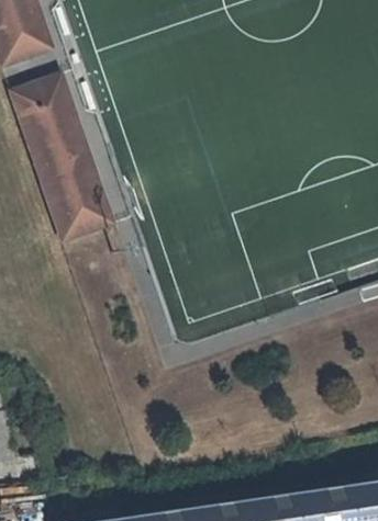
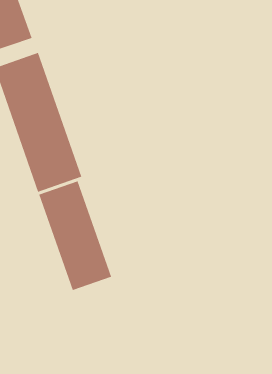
building: none -> [39,180,112,291]

